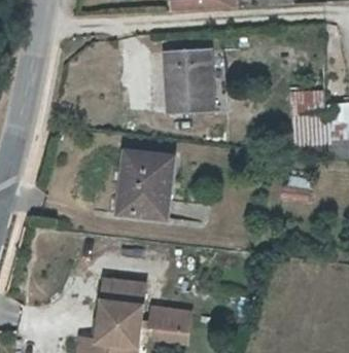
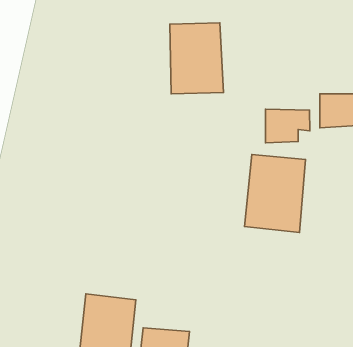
building: none -> [265,109,310,143]
building: [118,149,170,215] -> [245,154,306,233]

